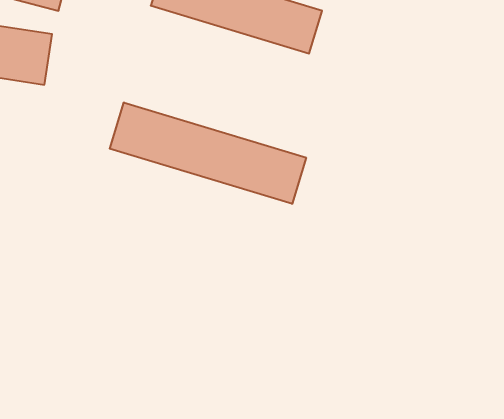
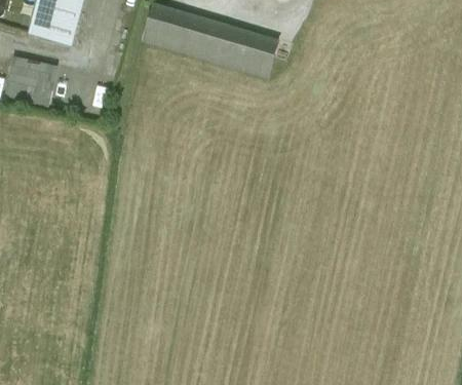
building: [110,102,306,204] -> none

